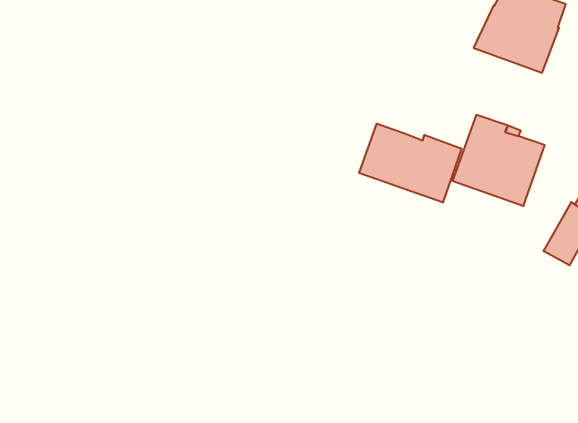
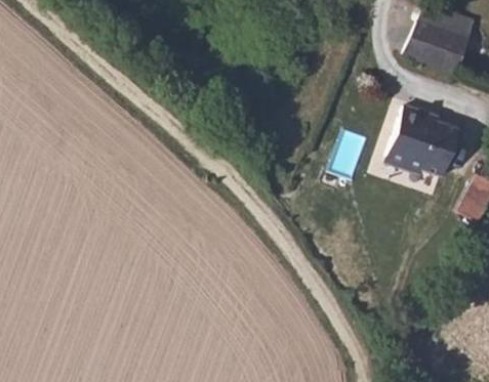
building: [359,124,461,203] -> none

